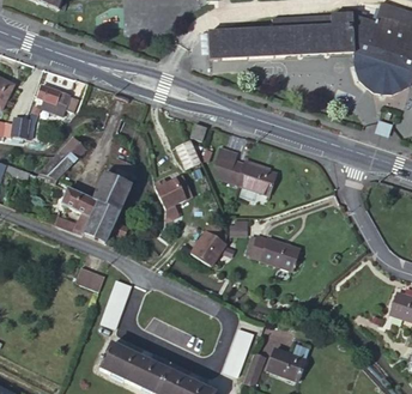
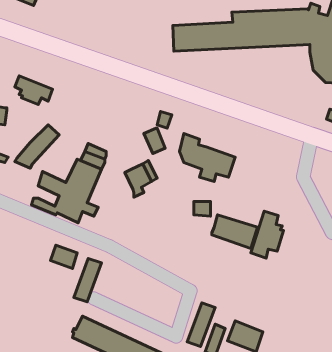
building: [190,223,228,266] -> none
building: none -> [251,211,284,258]

